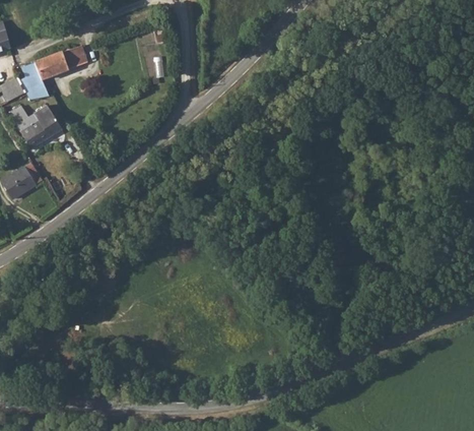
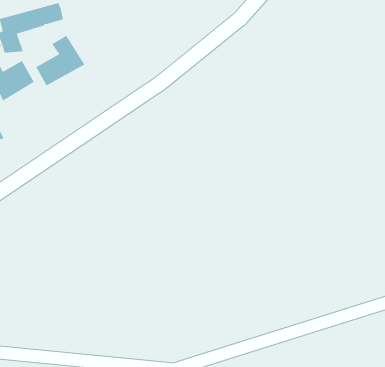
building: none -> [35,35,85,86]

